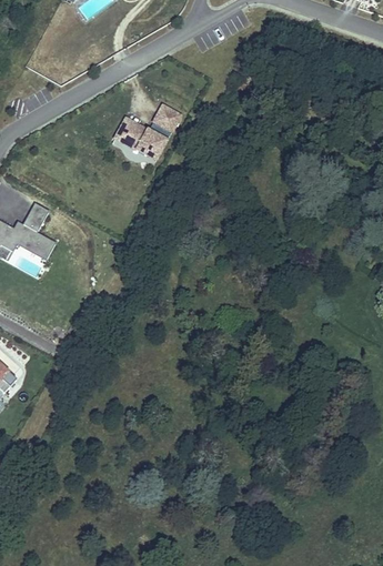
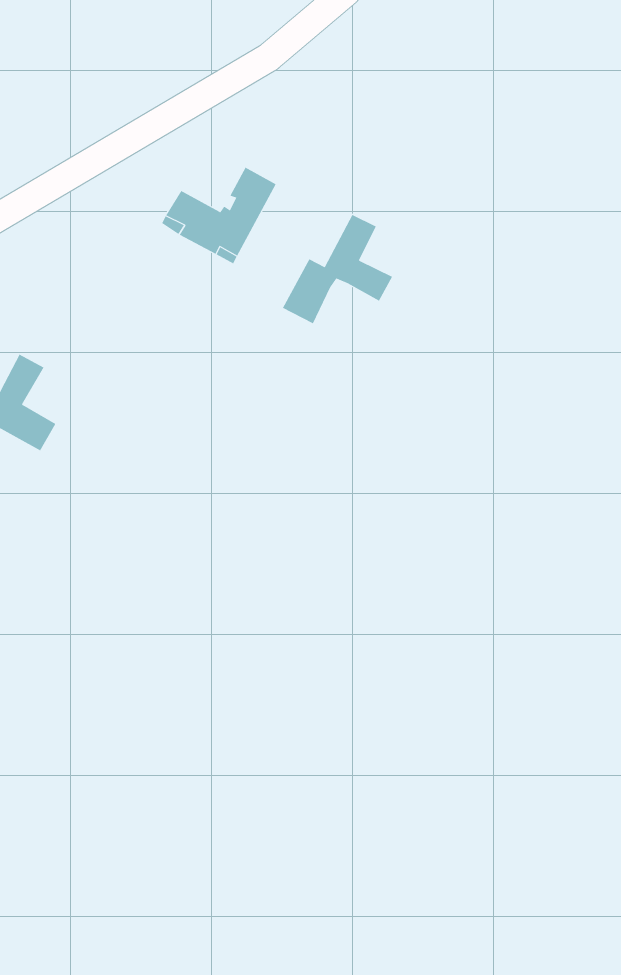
building: none -> [282,214,393,324]

